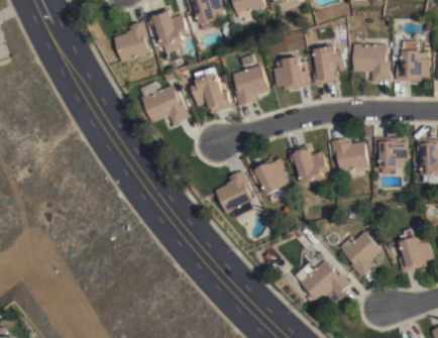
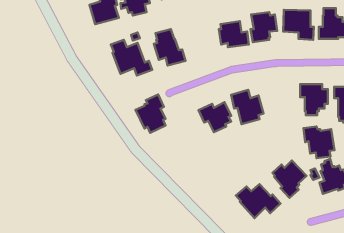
building: [232,54,269,107] -> none
building: [330,139,368,179] -> [304,127,335,158]
building: [214,172,251,219] -> [135,95,165,133]

